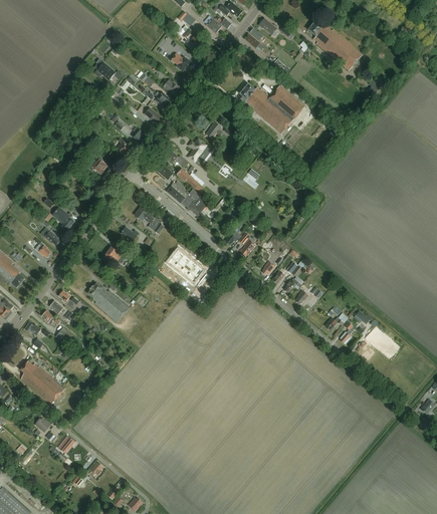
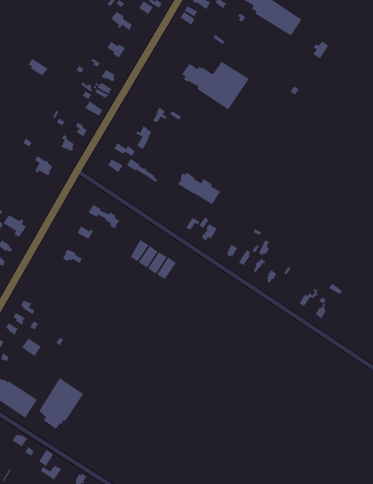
building: [167,181,208,216] -> [177,171,221,205]
building: [88,283,130,321] -> none
building: none -> [38,377,84,429]

